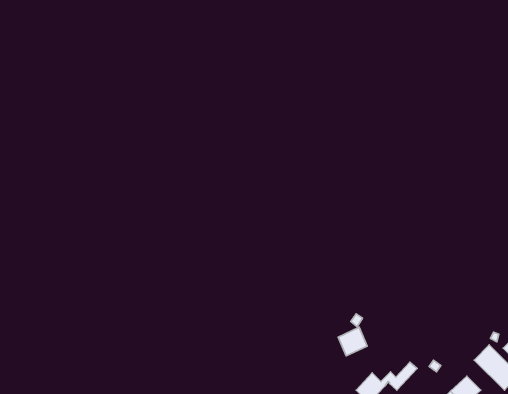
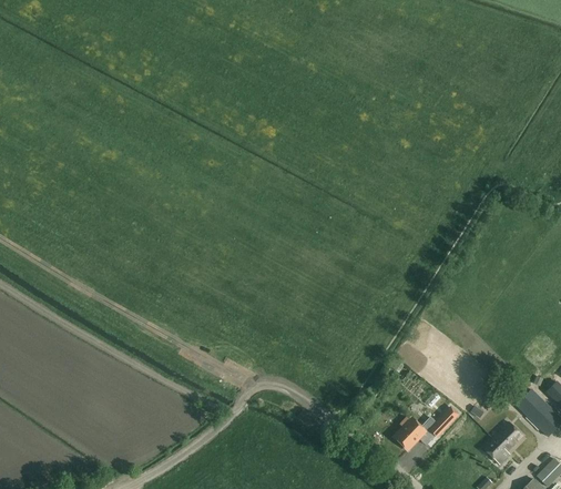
building: [338,327,367,356] -> none

